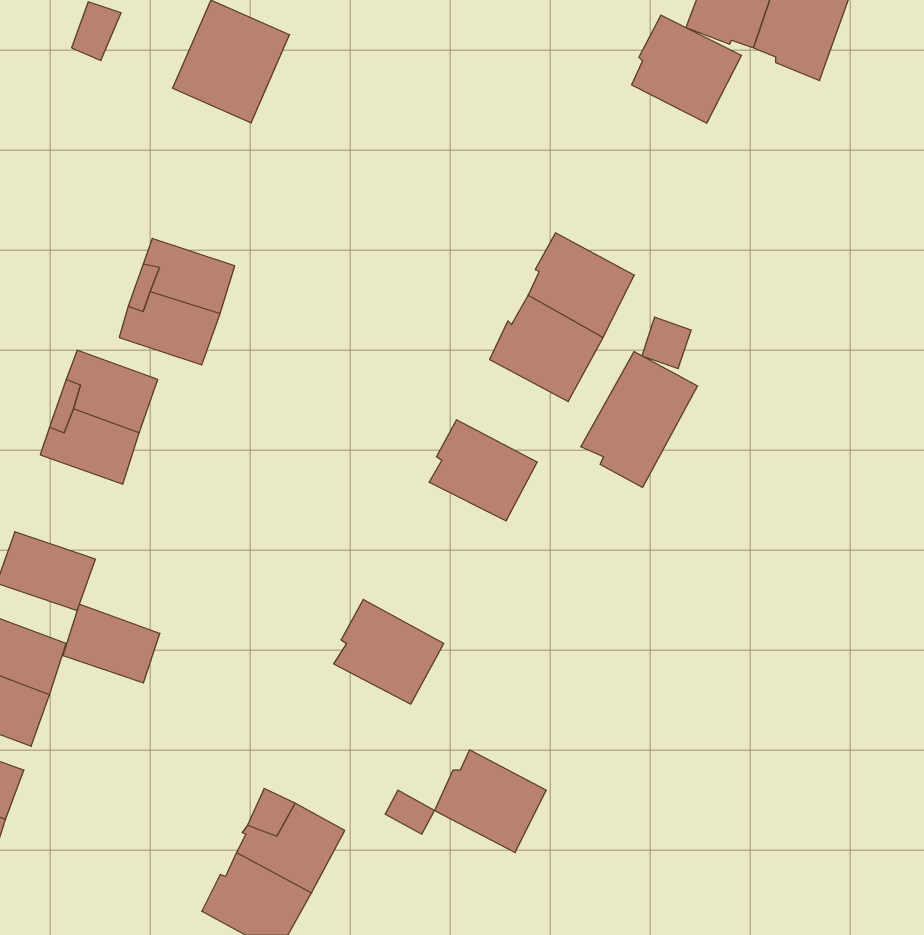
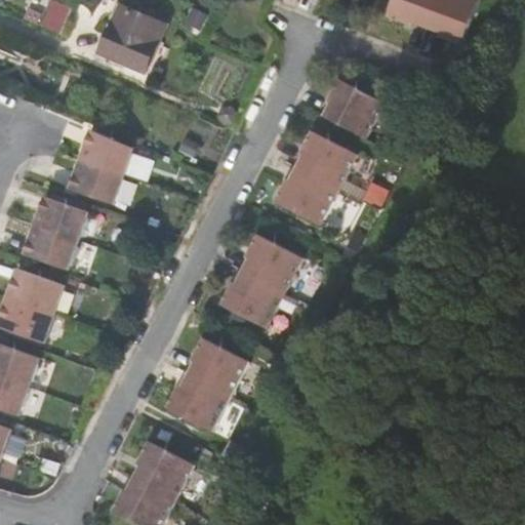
building: [632,15,742,123] -> [321,78,382,138]
building: [581,352,698,487] -> none
building: none -> [220,270,283,325]
building: [63,604,160,683] -> [8,269,63,313]
building: [434,750,546,852] -> [167,371,230,429]

